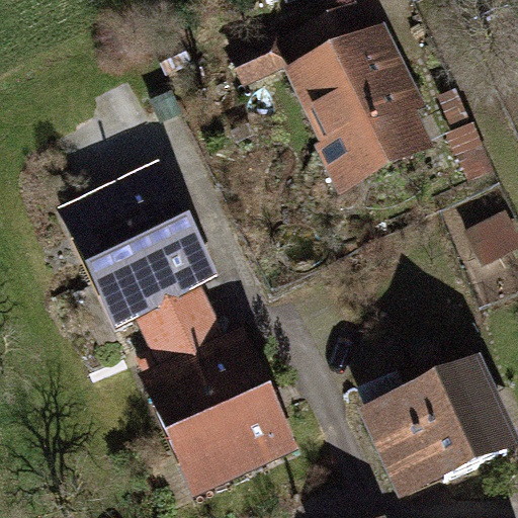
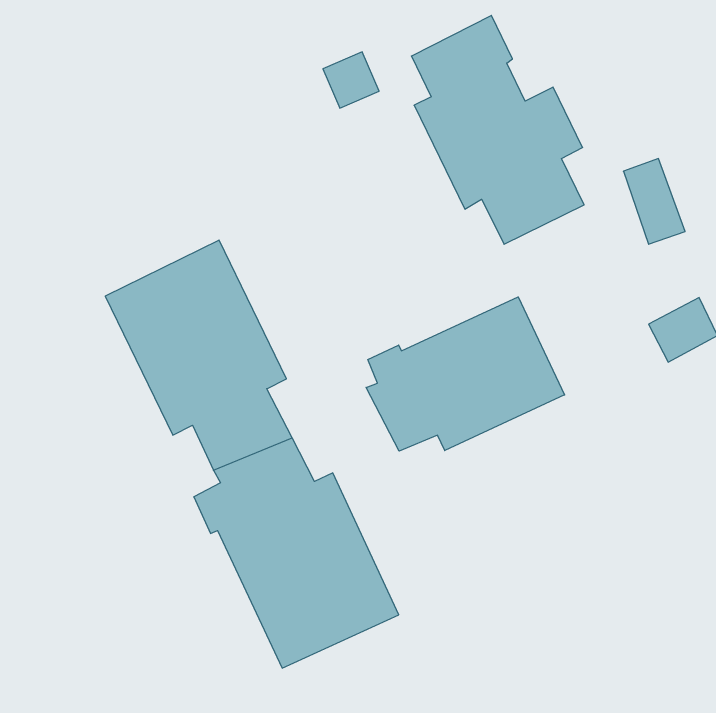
building: none -> [366,297,565,451]
building: [369,367,508,487] -> none

